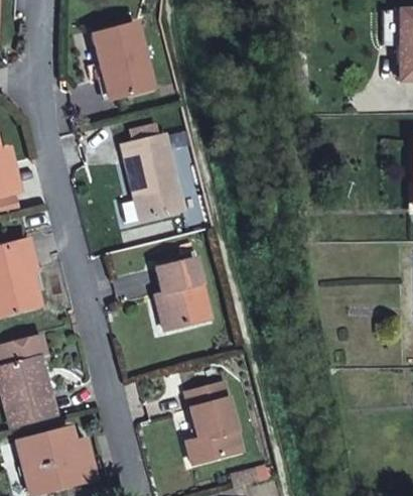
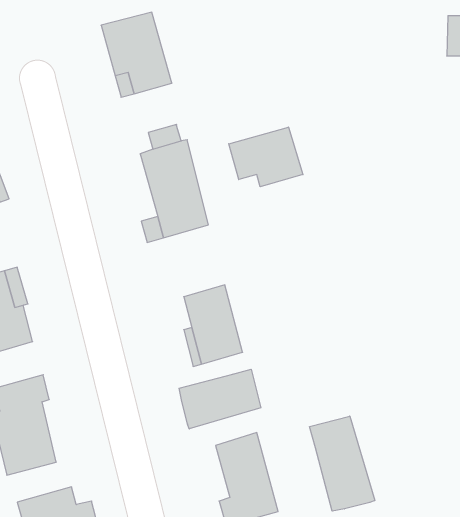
building: none -> [229,127,303,187]
building: none -> [179,369,261,429]
building: none -> [310,416,375,511]

